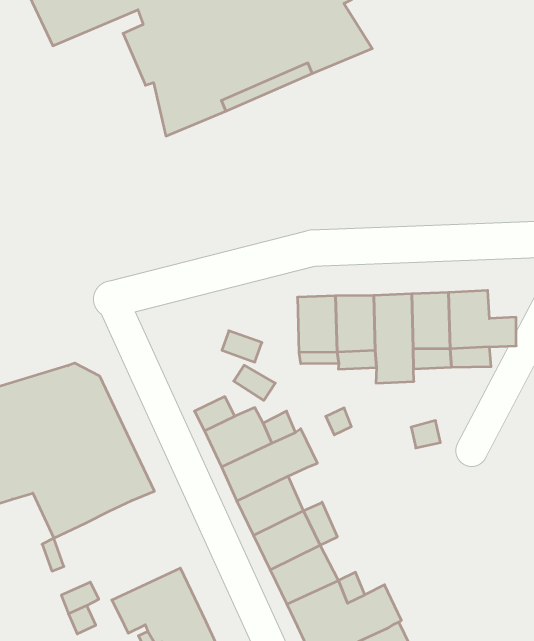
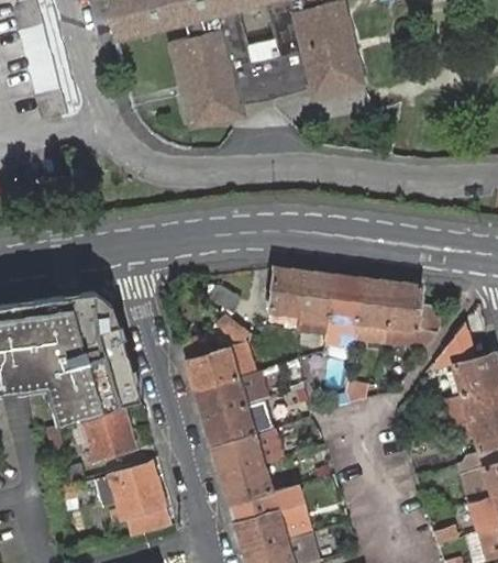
building: none -> [82,405,135,463]

